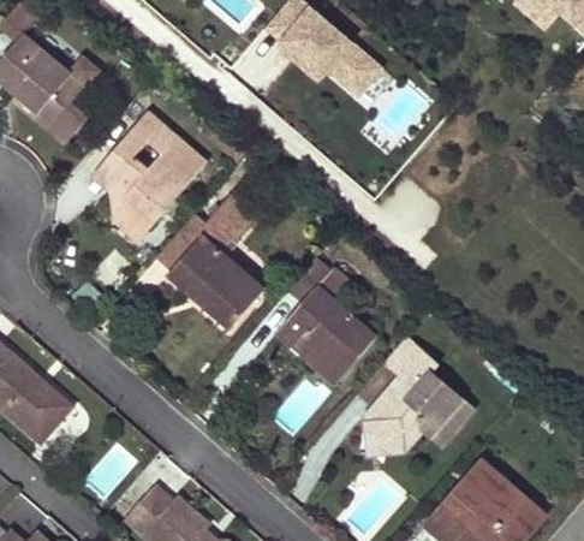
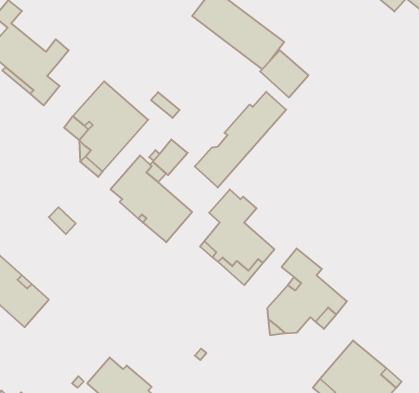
building: none -> [195,92,286,188]

